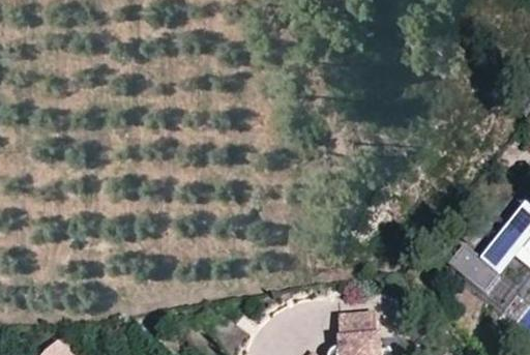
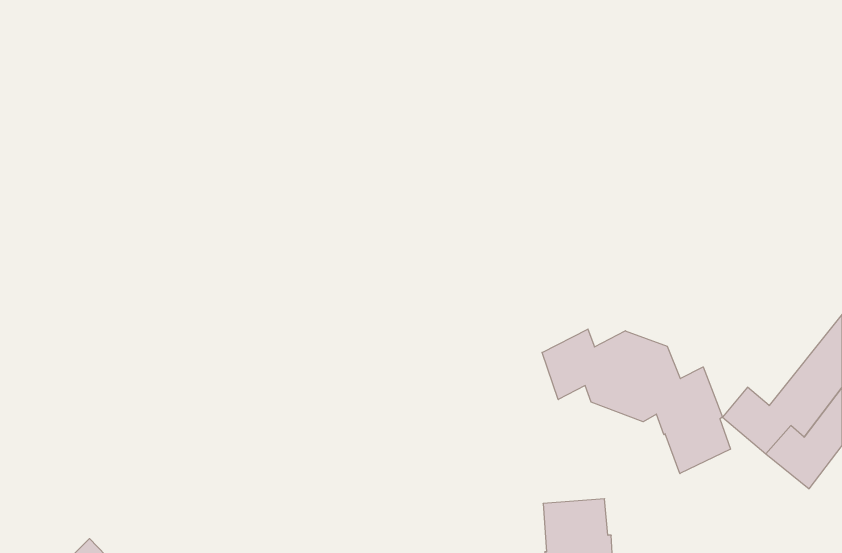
building: none -> [542,329,730,474]

